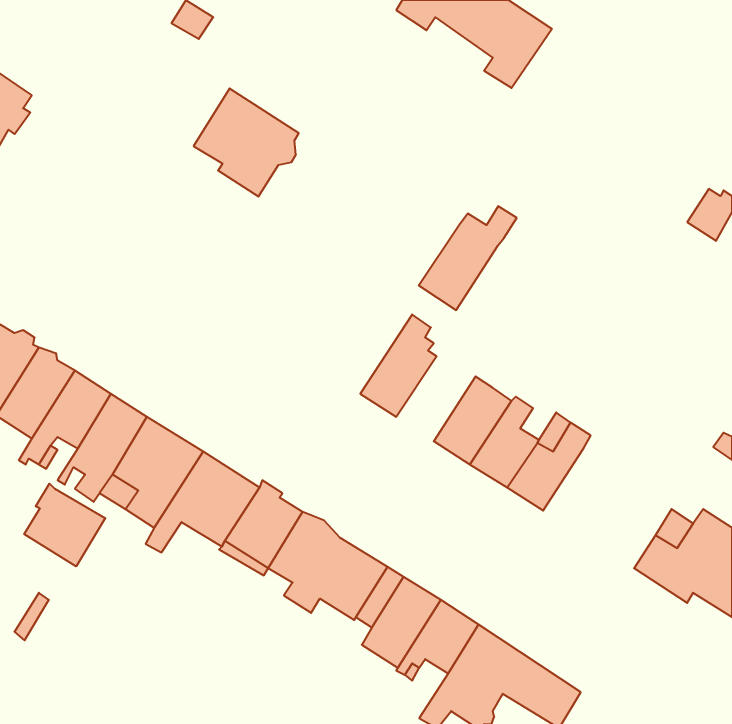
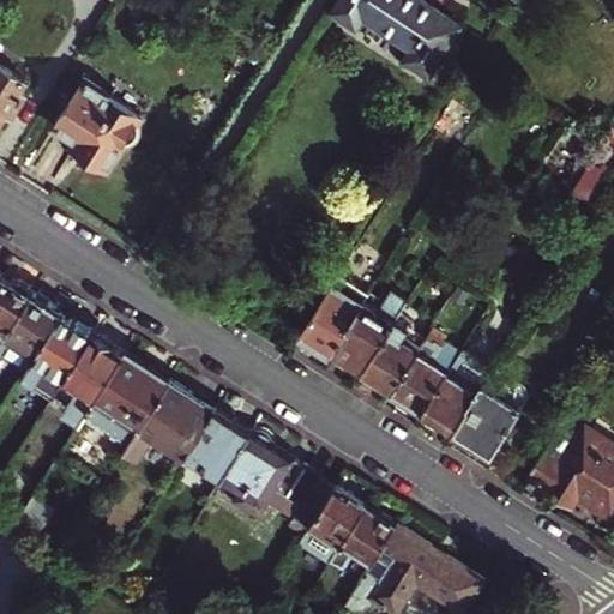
building: [194,88,299,197] -> [53,86,140,176]
building: [419,206,517,310] -> [330,291,411,378]
building: none -> [452,384,526,460]
building: [24,484,105,566] -> none

